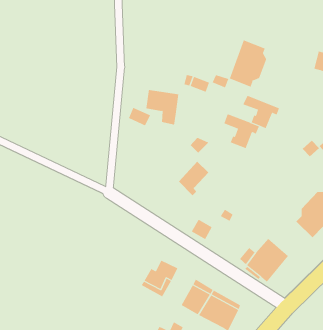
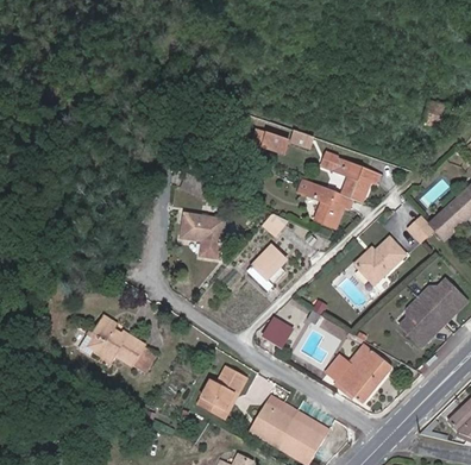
building: [229,40,267,87] -> none
building: [146,90,179,125] -> [181,212,225,258]
building: none -> [351,240,402,285]
building: none -> [93,316,145,363]

